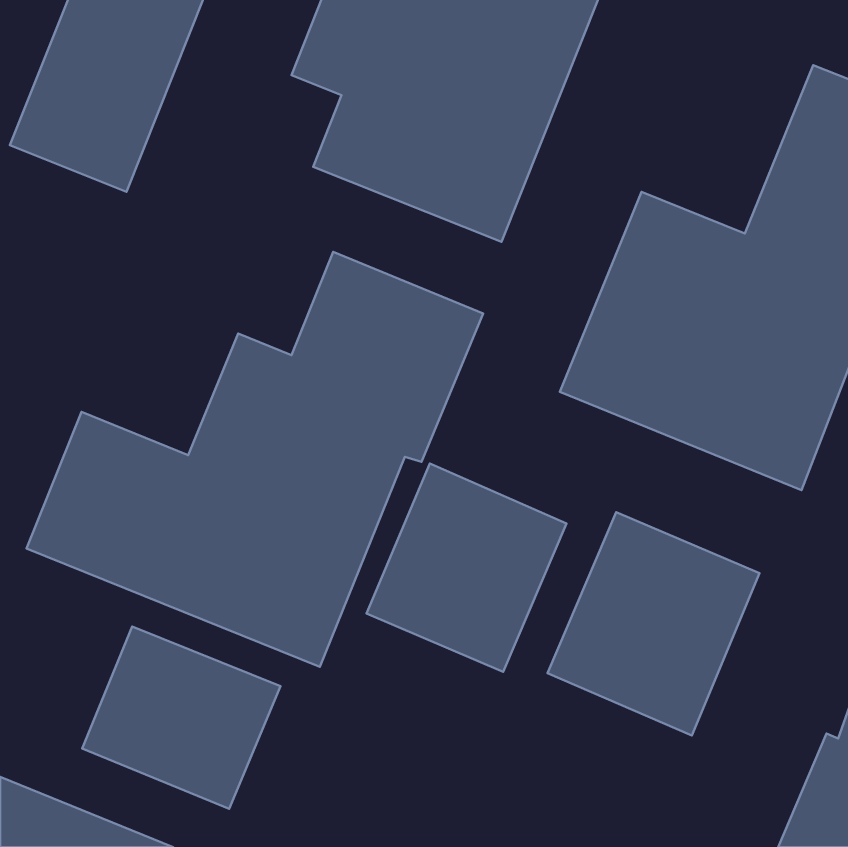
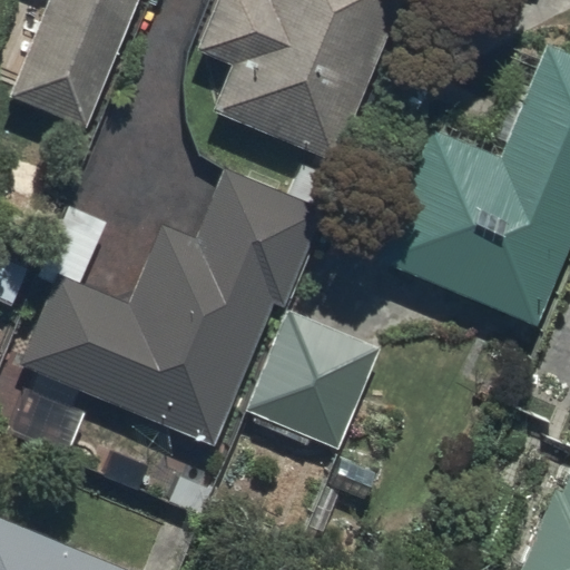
building: [547,512,759,736] -> none
building: [82,627,280,809] -> none

